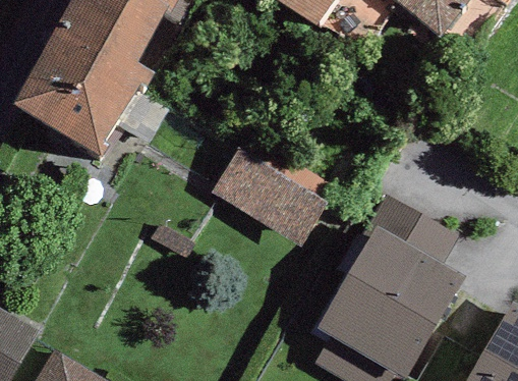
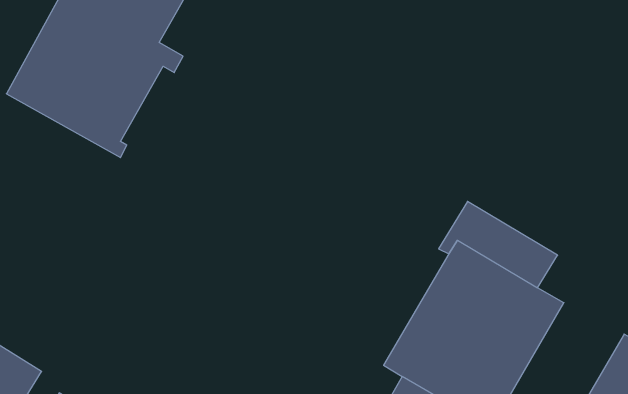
building: [212,145,329,247] -> none

